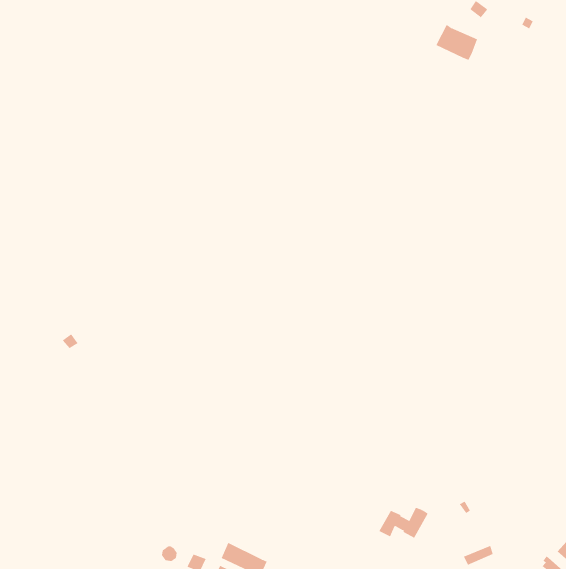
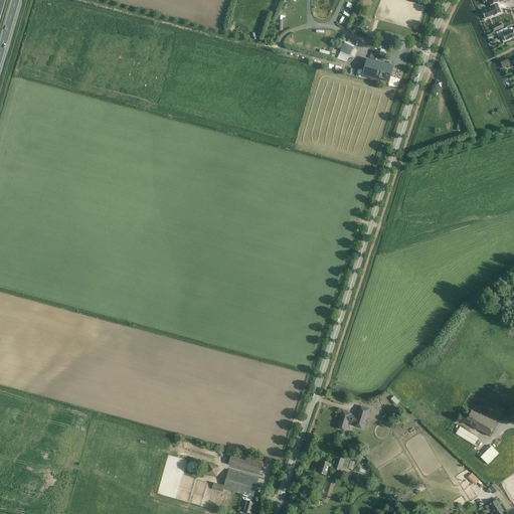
building: [436,24,478,60] -> [363,58,392,81]

